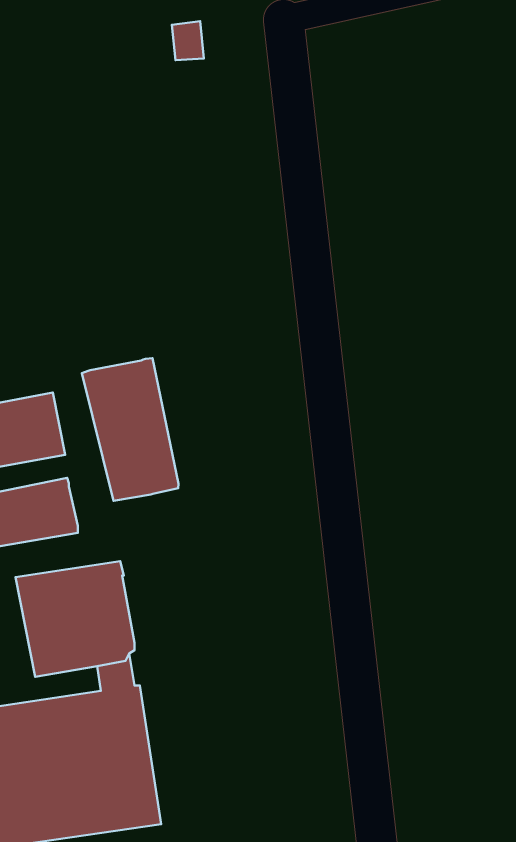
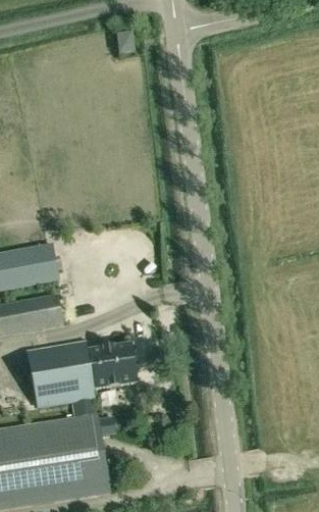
building: [82,358,179,501] -> none
building: none -> [88,344,136,389]

